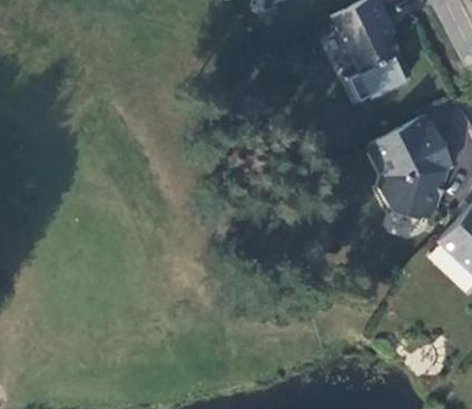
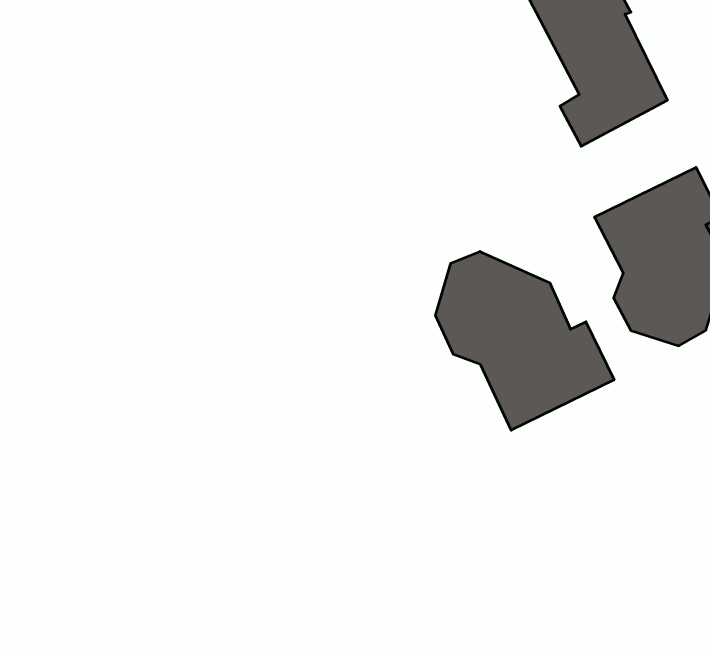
building: none -> [436,251,614,430]

